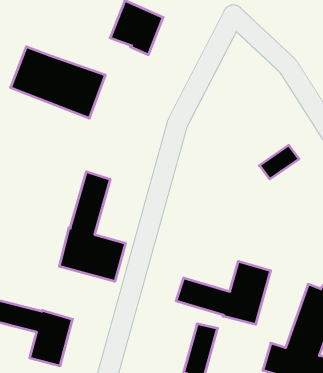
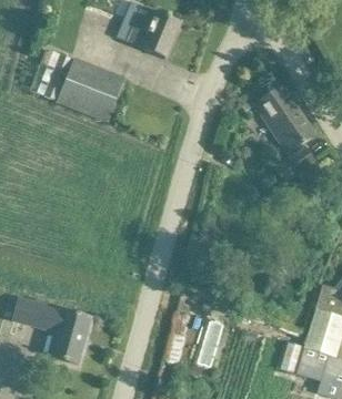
building: none -> [254,85,313,151]
building: [60,172,125,281] -> none
building: [176,261,271,324] -> none

